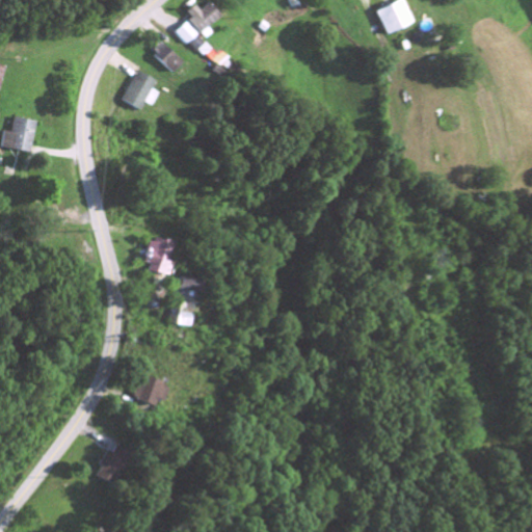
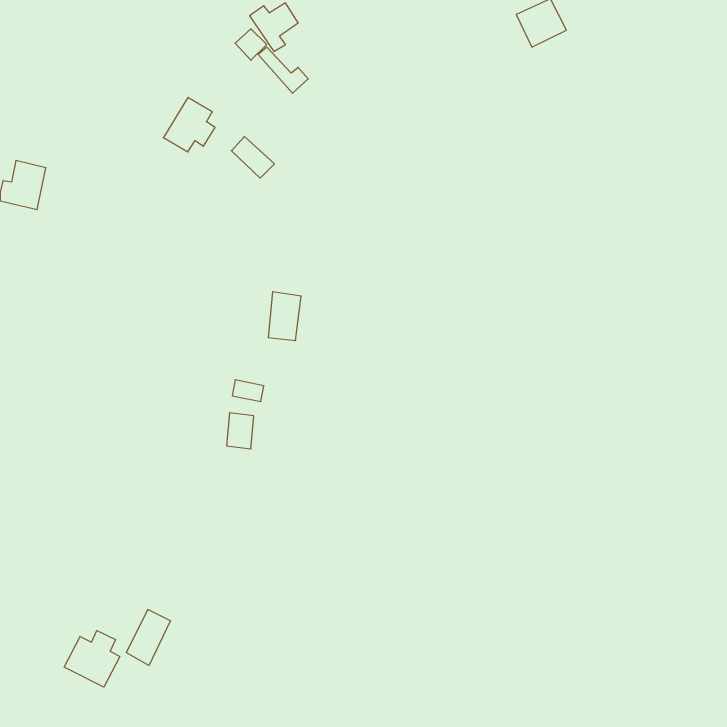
building: [153,42,184,72] -> [231,136,274,178]
building: [144,238,168,273] -> [268,292,301,341]
building: [132,374,164,405] -> none
building: none -> [64,631,120,687]

